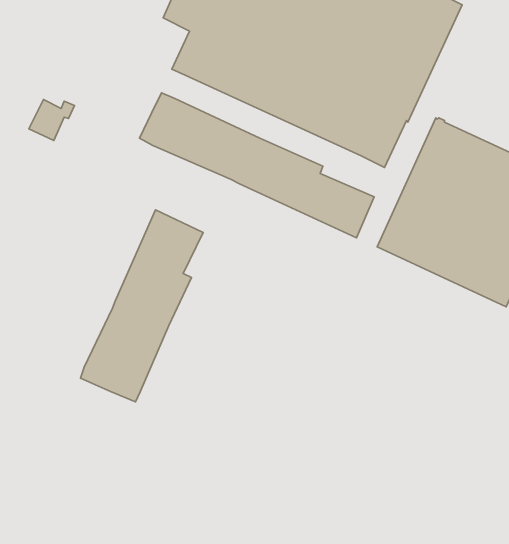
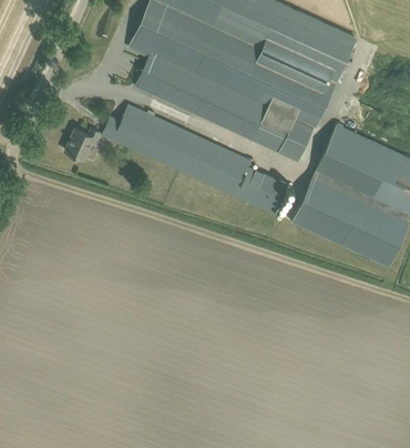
building: [29,100,74,141] -> [64,128,99,159]
building: [81,210,203,402] -> none

